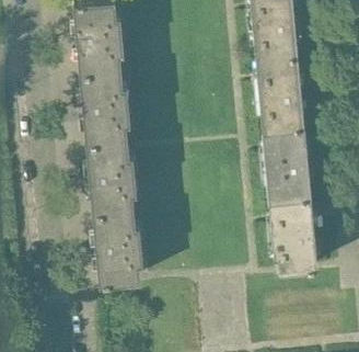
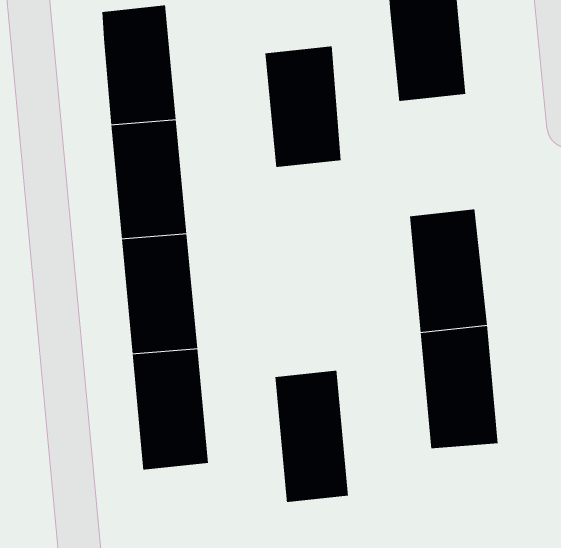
building: [257,59,304,134] -> [265,46,342,168]
building: none -> [275,370,349,503]

